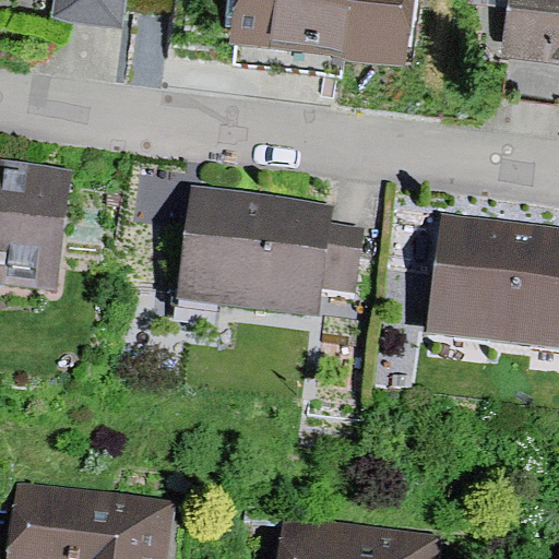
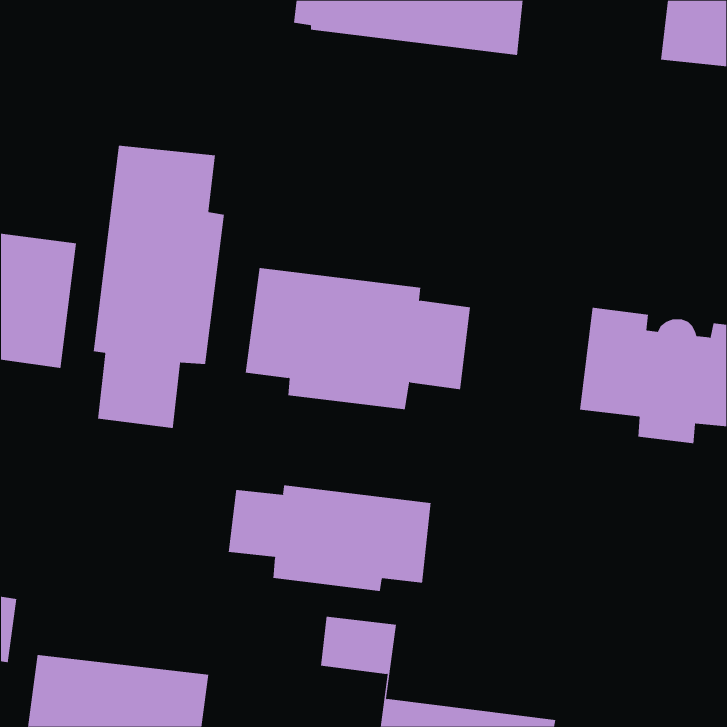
building: none -> [93,145,224,429]
building: none -> [228,484,431,592]

